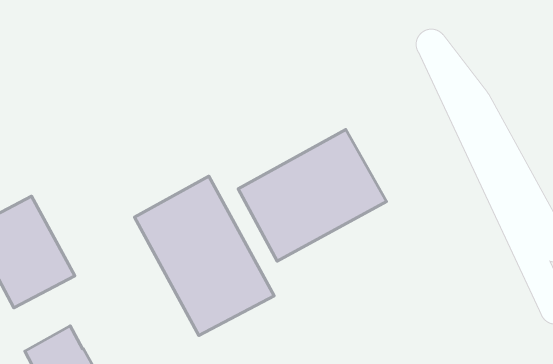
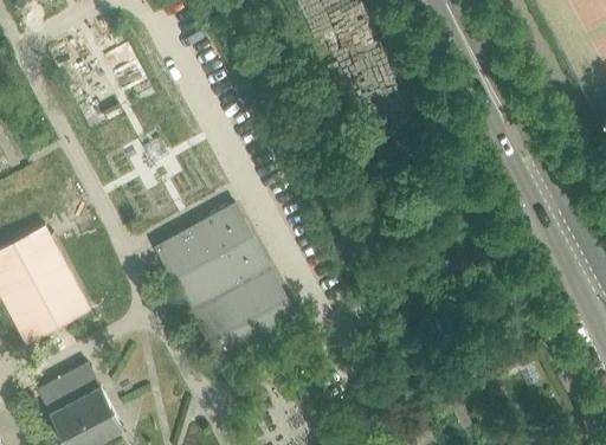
building: [238,130,386,261] -> none

